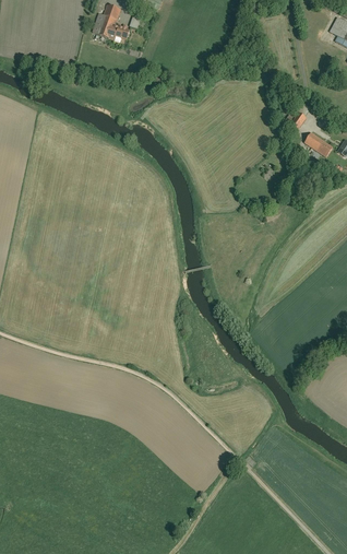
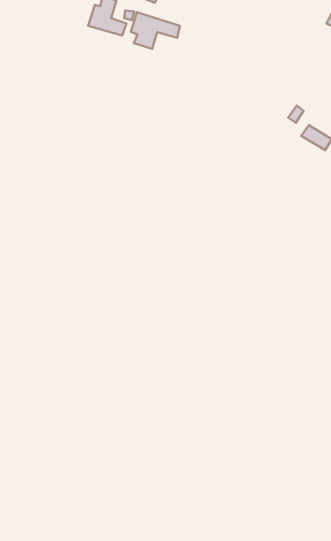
building: none -> [131,12,180,49]

